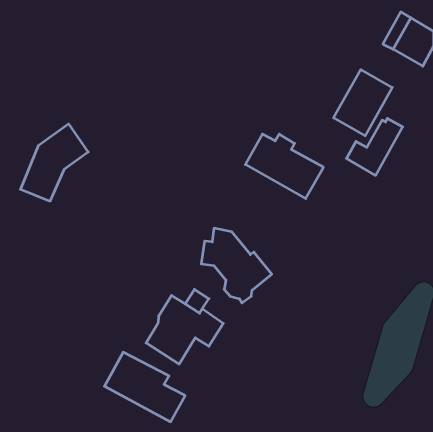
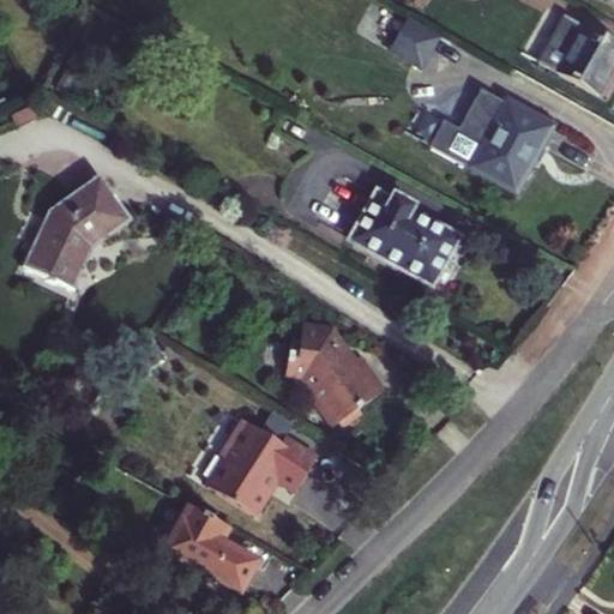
building: none -> [391,19,438,65]
building: [346,118,403,175] -> [432,86,511,167]

